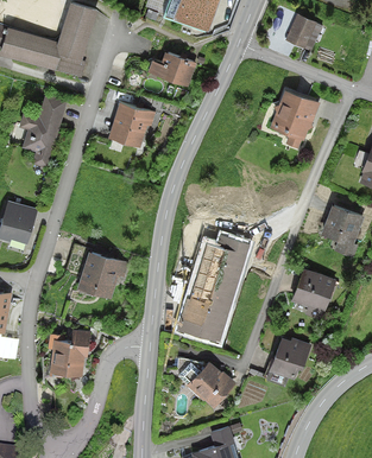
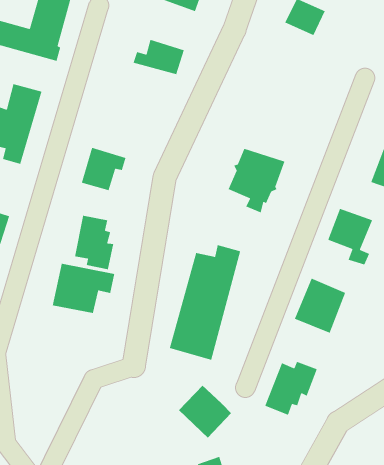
building: [270,91,321,150] -> [228,148,285,214]
building: [113,104,153,144] -> [81,147,127,191]
building: none -> [74,215,114,270]
building: [49,330,88,379] -> none

